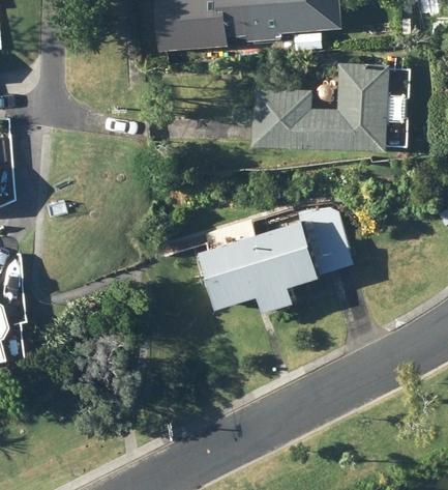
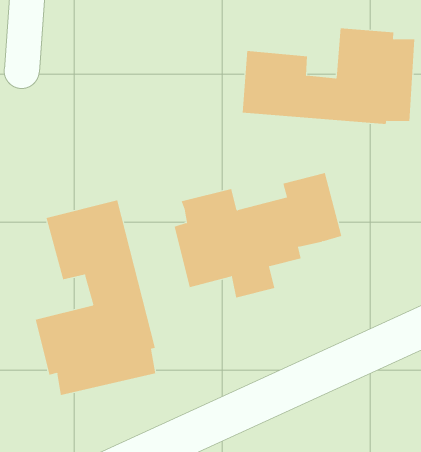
building: none -> [35,200,156,396]

